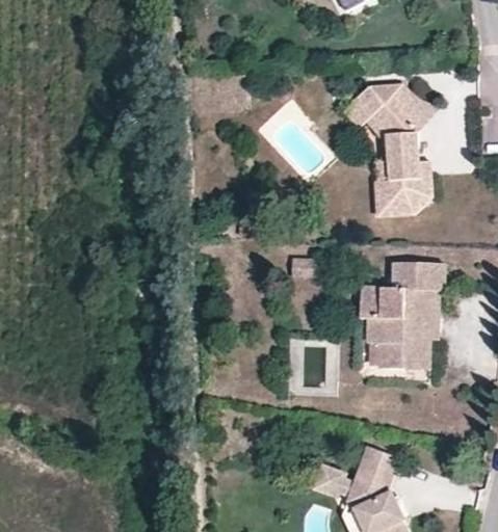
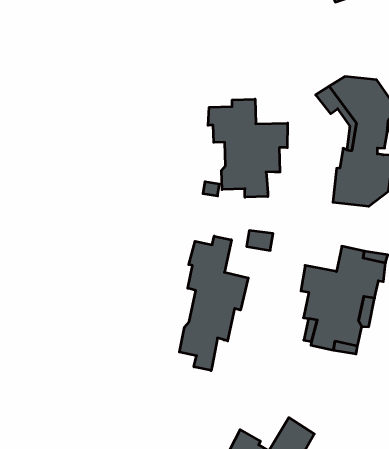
building: none -> [208,99,288,197]
building: none -> [179,236,248,371]

